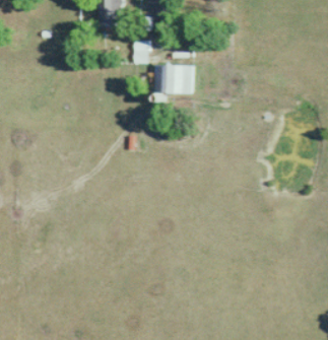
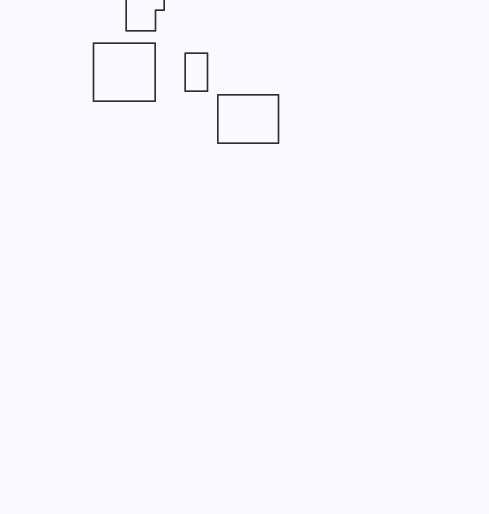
building: none -> [93,43,155,101]

